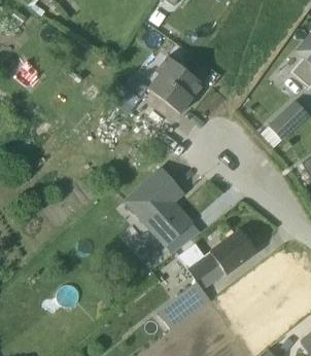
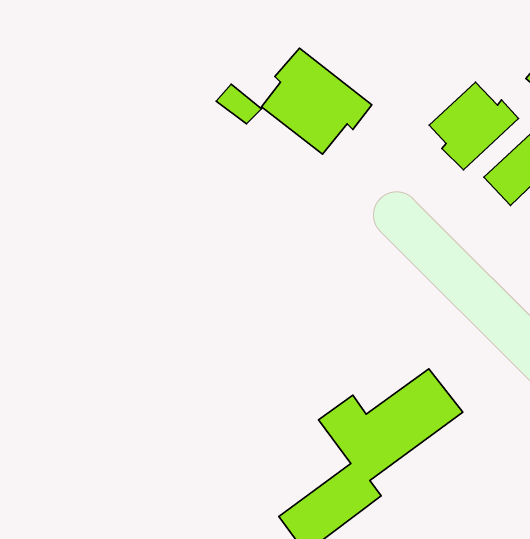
building: none -> [429,82,519,170]
building: [123,166,193,247] -> none

